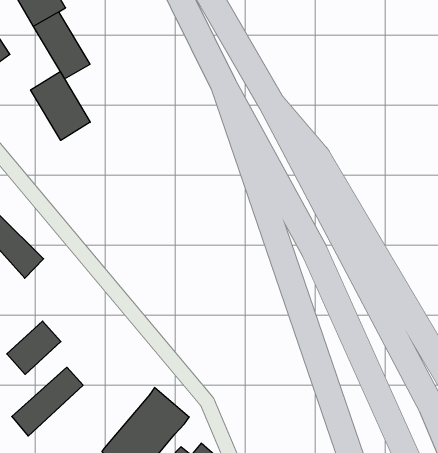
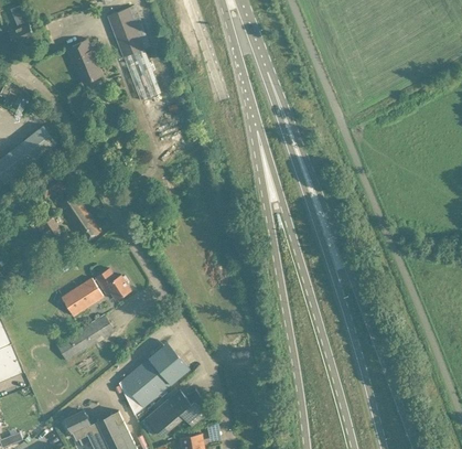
building: [31,72,90,140] -> none
building: none -> [95,270,130,301]

